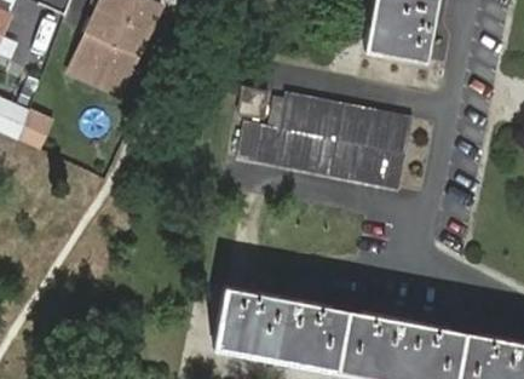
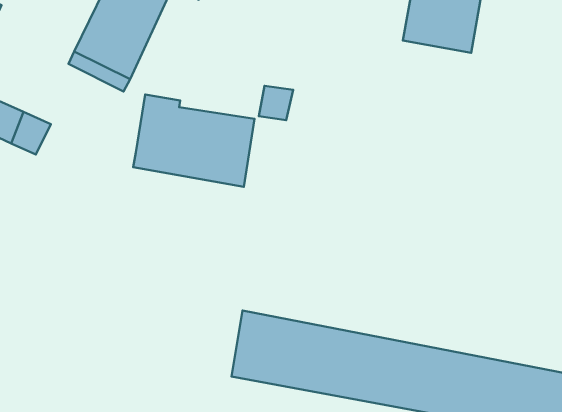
building: [240,96,415,186] -> none
building: none -> [133,95,255,187]

